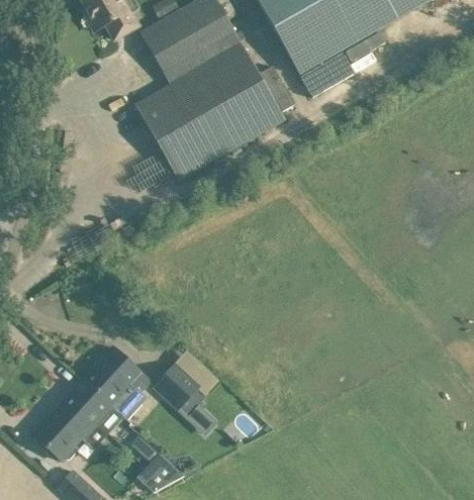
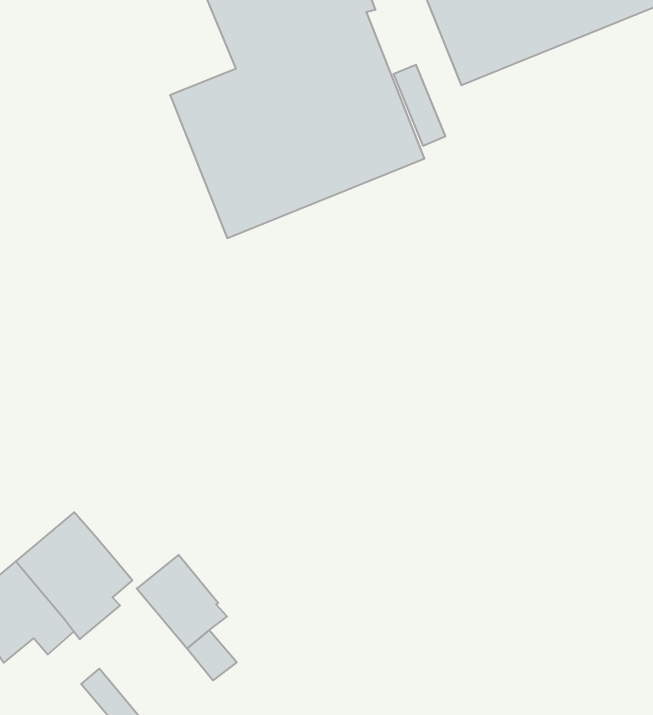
building: [300,51,355,96] -> none

